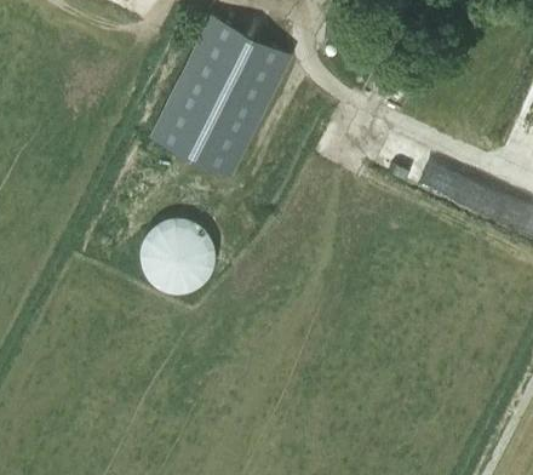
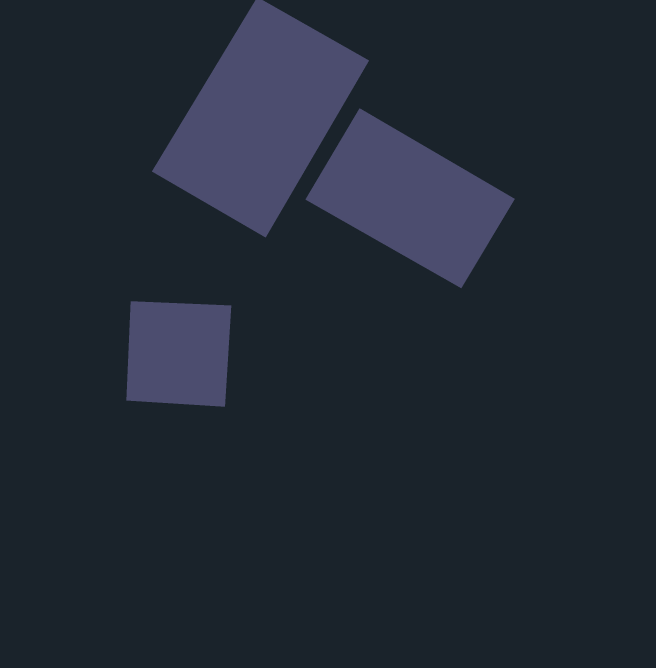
building: none -> [305,107,516,289]

